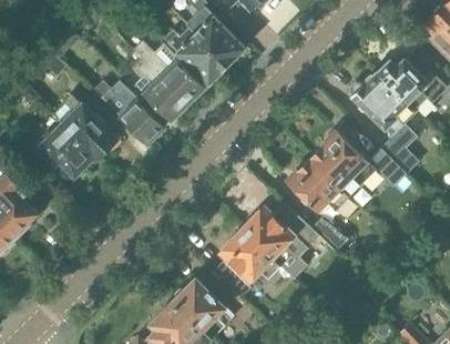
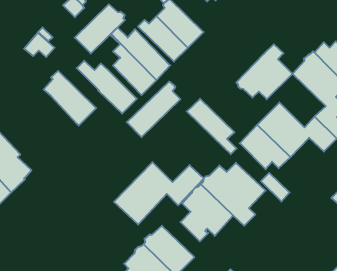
building: none -> [75,4,125,54]
building: none -> [236,44,292,99]
building: none -> [127,82,180,137]
building: [38,123,93,176] -> none
building: none -> [187,99,237,154]
building: none -> [114,162,204,225]

